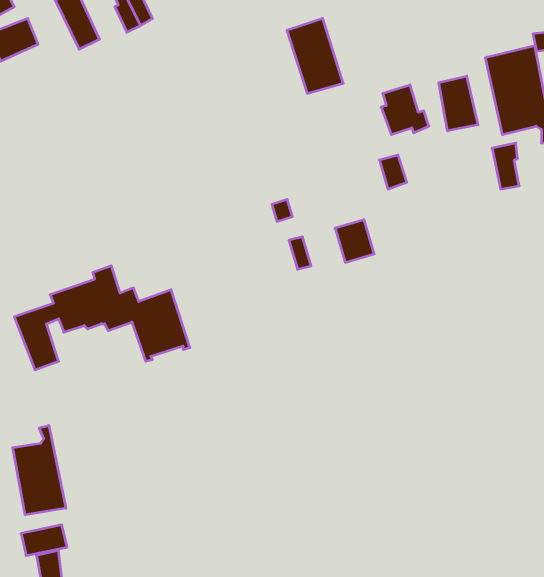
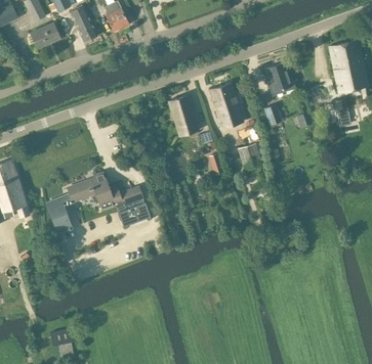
building: [287,18,343,93] -> [209,83,243,128]
building: [439,76,478,131] -> none
building: none -> [168,95,199,136]
building: [13,425,66,515] -> none

